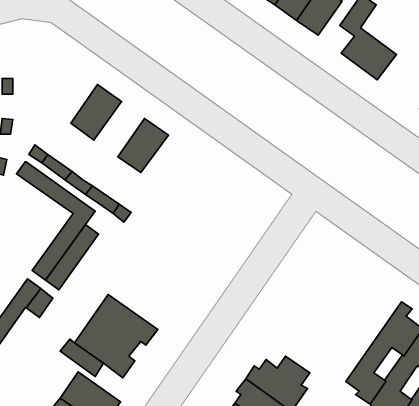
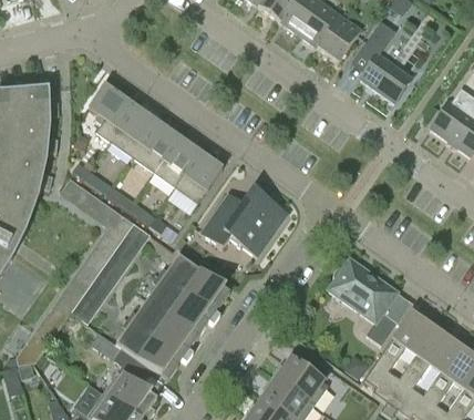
building: none -> [89,84,136,142]
building: none -> [133,122,179,173]
building: none -> [176,153,223,203]
building: none -> [202,191,287,256]
building: none -> [146,255,223,331]
building: none -> [329,259,396,346]

